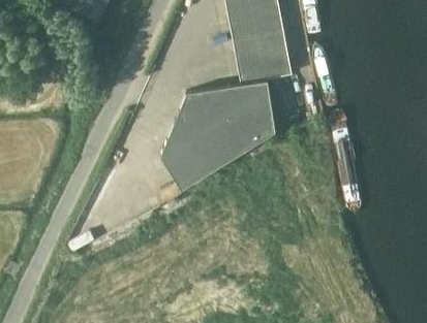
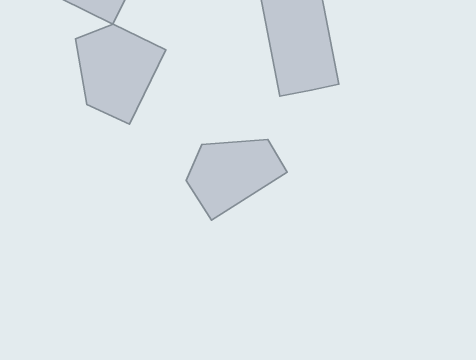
building: none -> [75,24,166,124]
building: [175,78,277,149] -> none

